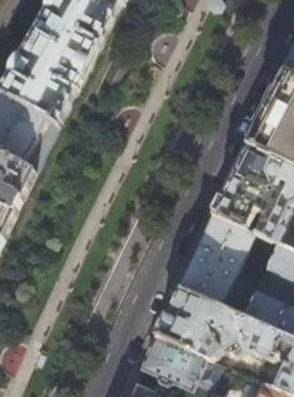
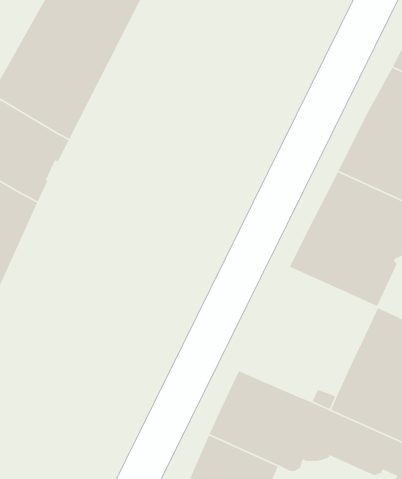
building: [175,216,252,309] -> none

